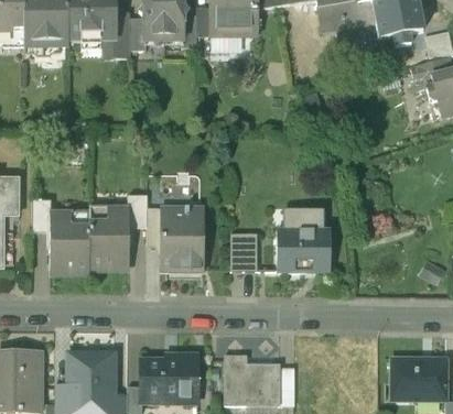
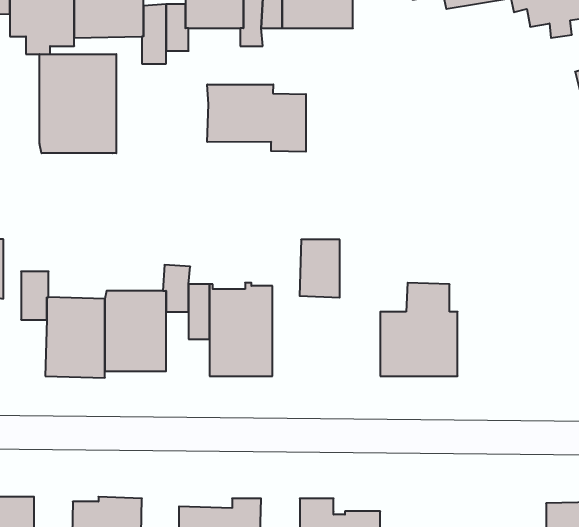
building: none -> [40,54,116,153]
building: none -> [207,84,306,152]
building: [230,231,258,271] -> [300,240,340,298]

